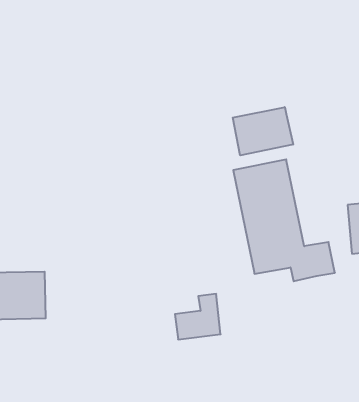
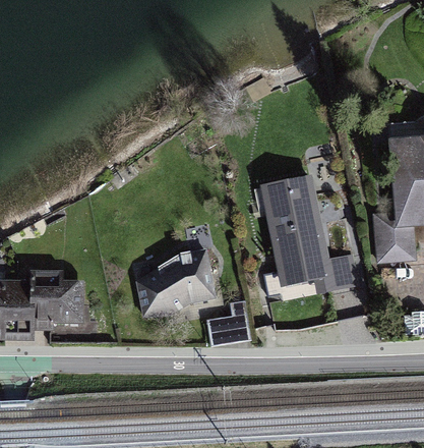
building: [233,107,293,155] -> none
building: none -> [132,247,218,316]

